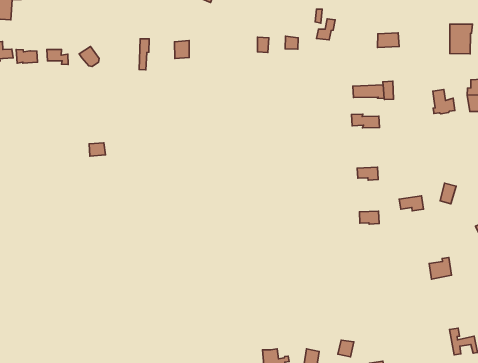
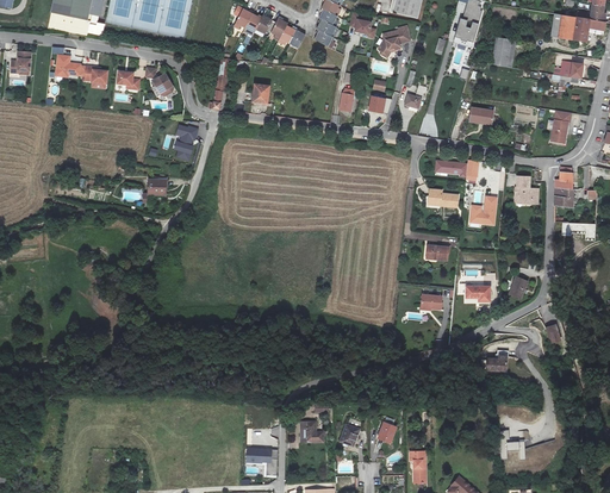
building: none -> [175,124,198,158]
building: none -> [469,194,497,223]

